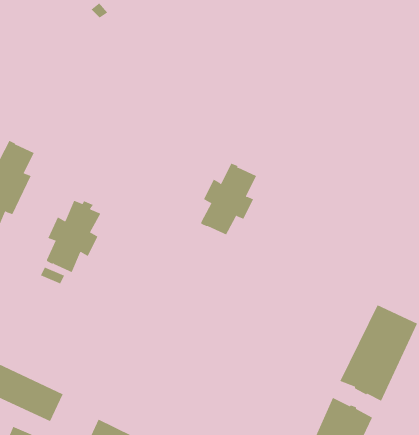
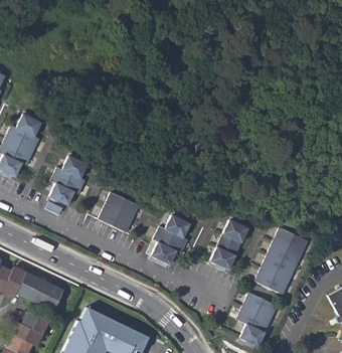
building: [200,163,257,235] -> [151,214,190,264]
building: none -> [99,191,139,232]
building: none -> [210,218,248,270]

